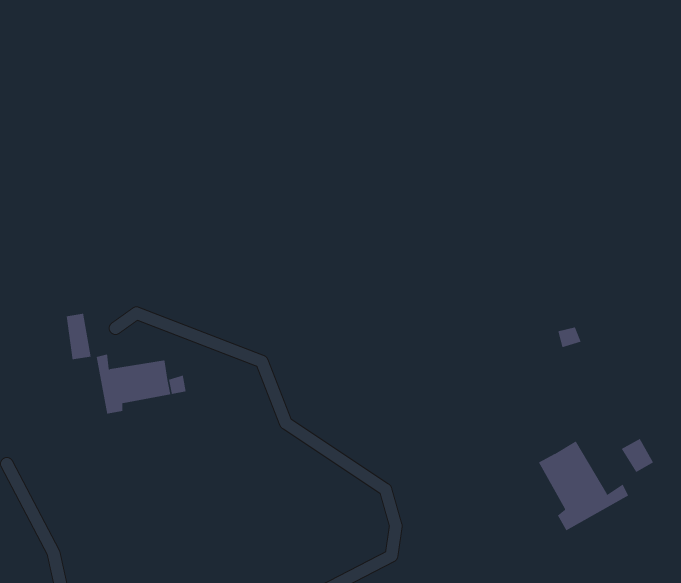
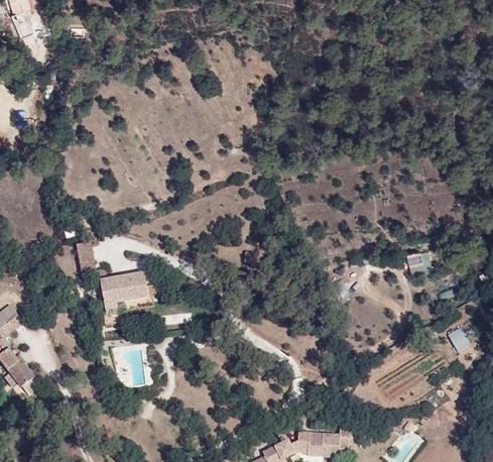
building: [538,441,629,531] -> none

